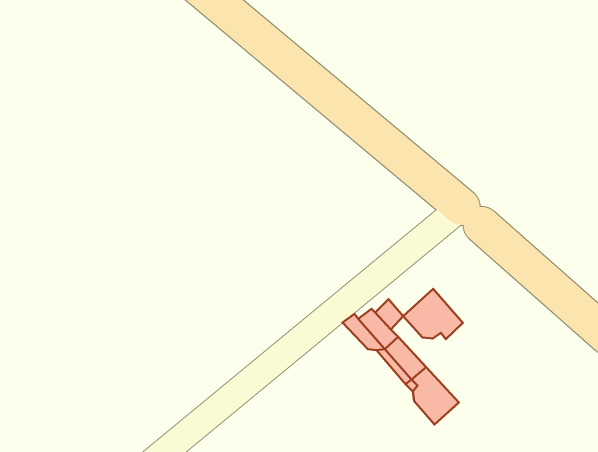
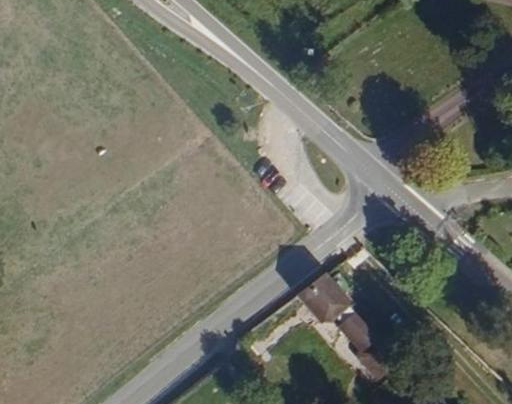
building: [403,289,463,339] -> none

